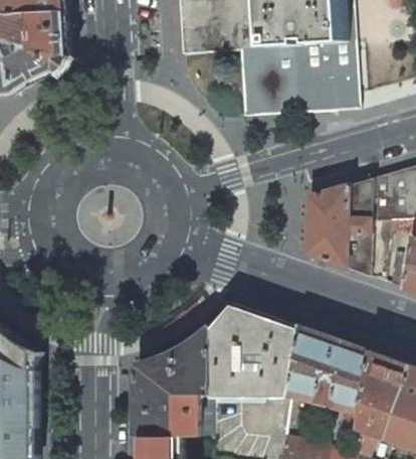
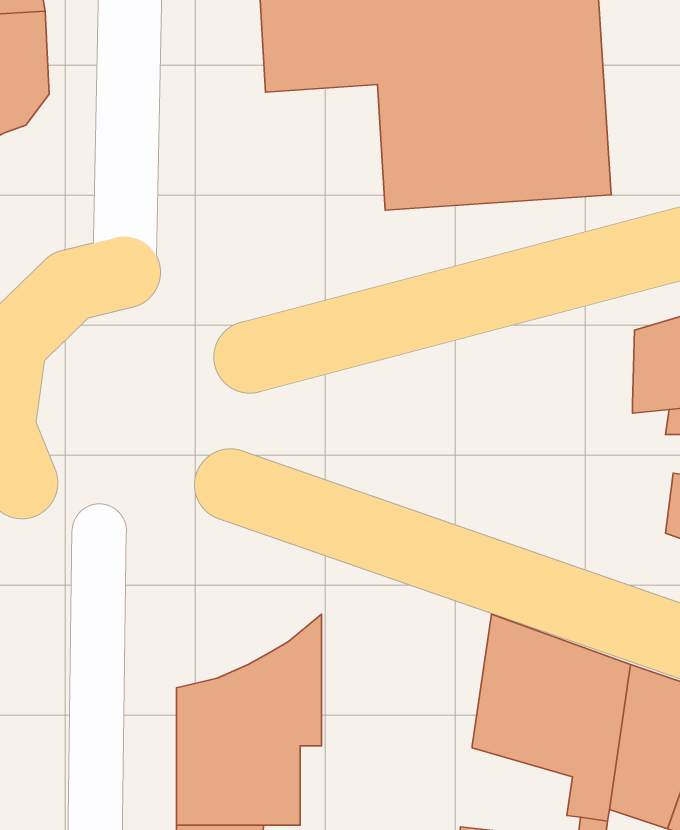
building: [306,178,373,277] -> none
building: [210,302,298,395] -> none

